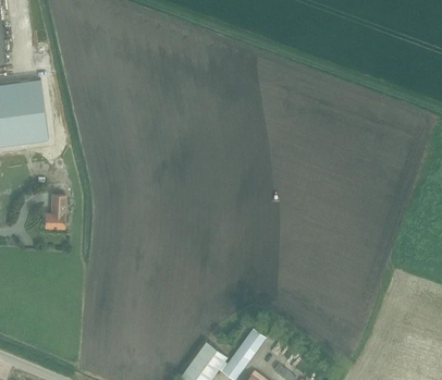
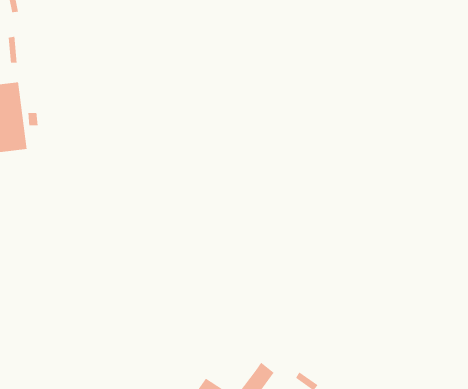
building: [44,195,64,229] -> none

